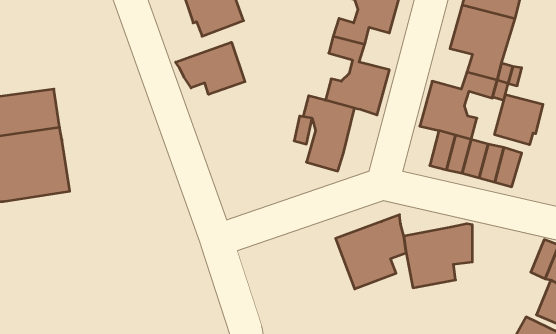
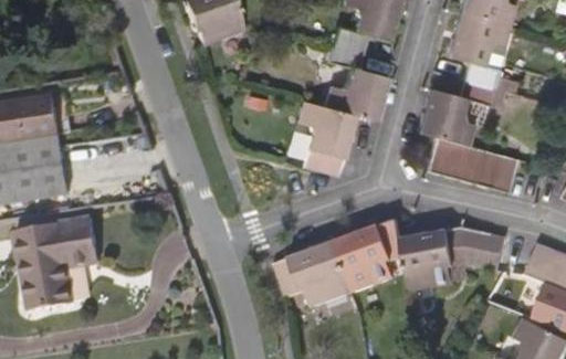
building: [176,42,245,94] -> none
building: [495,94,543,145] -> none
building: none -> [18,220,102,309]
building: none -> [469,228,506,268]
building: none -> [274,241,353,305]

